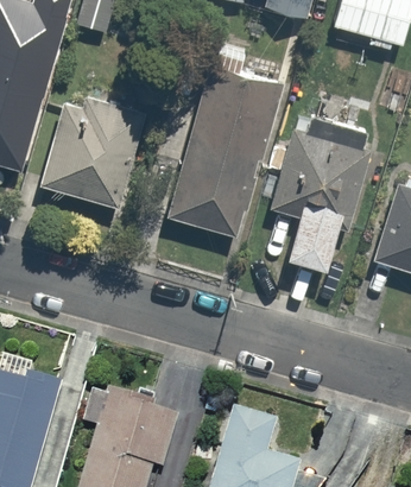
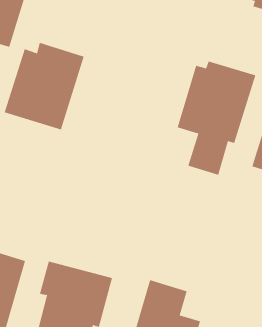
building: [165,57,282,234] -> none

